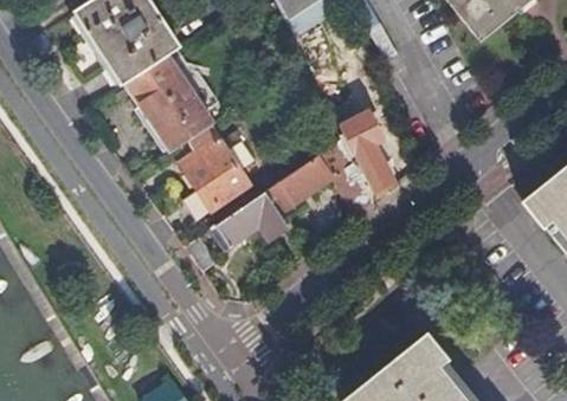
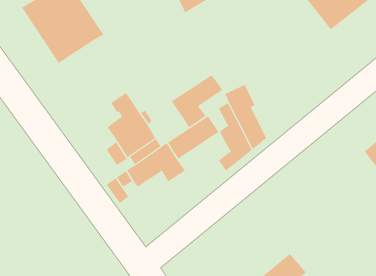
building: [125,56,202,138] -> none
building: none -> [171,74,223,128]

